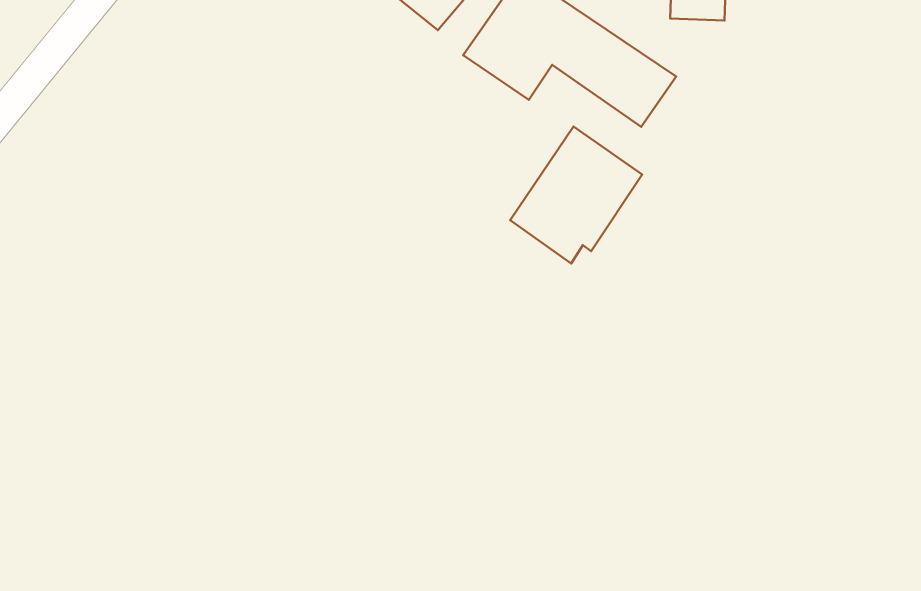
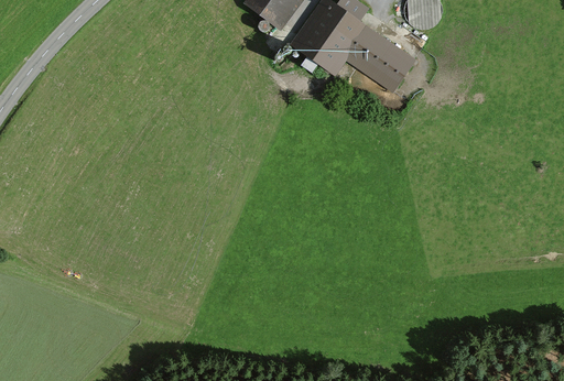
building: [510,126,642,264] -> none

